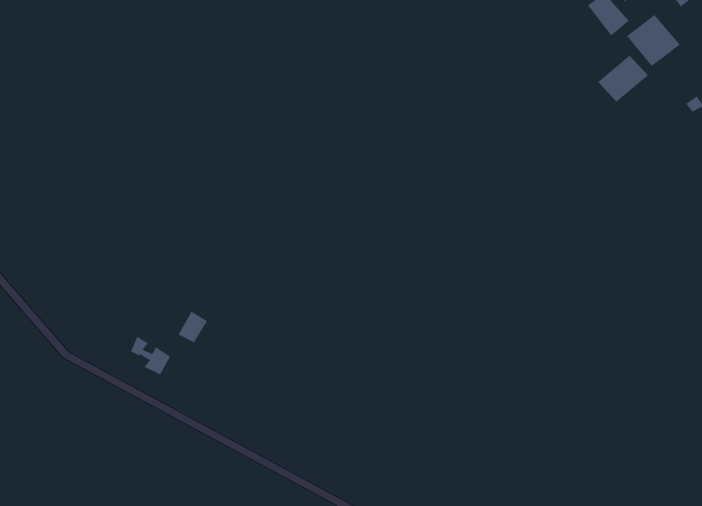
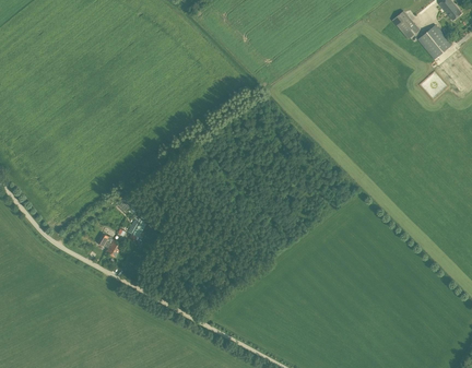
building: [597,55,649,103] -> none

